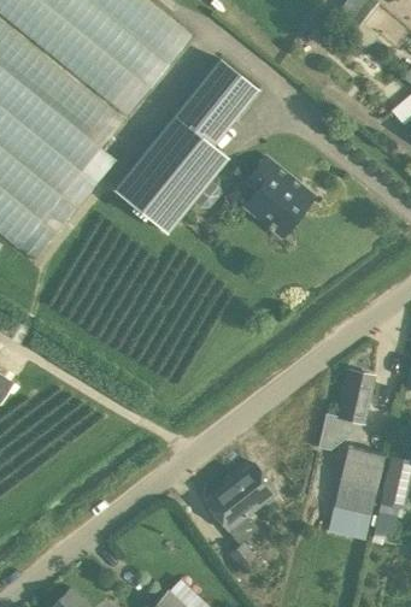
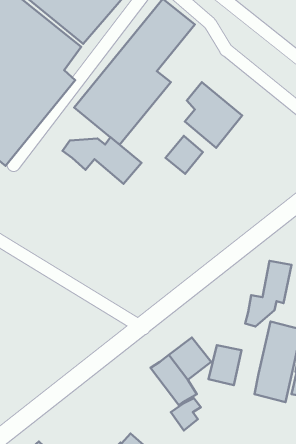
building: none -> [166,136,203,174]
building: none -> [62,137,141,184]
building: none -> [209,345,242,385]

